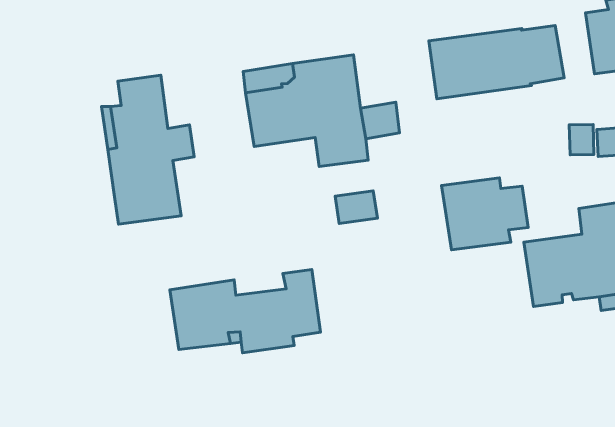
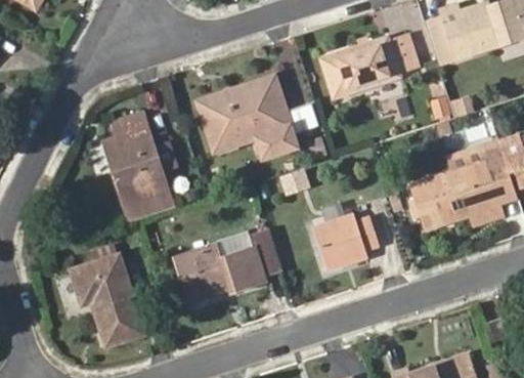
building: [442,178,528,250] -> [313,215,378,270]
building: none -> [71,256,144,347]

